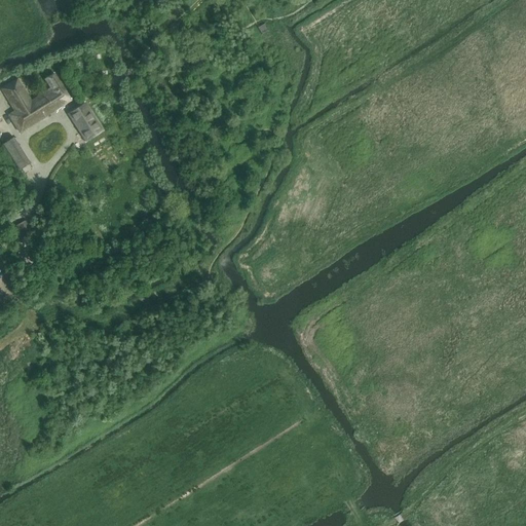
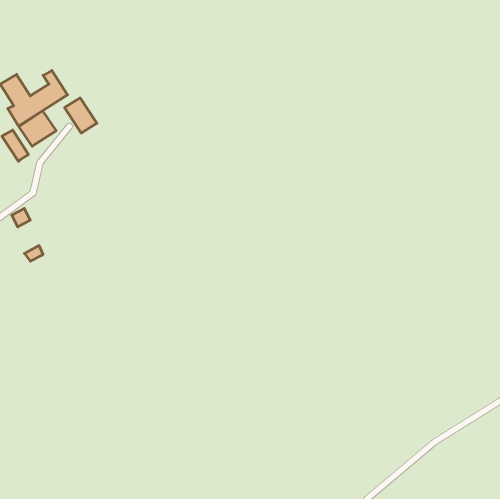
building: none -> [19,111,56,146]

